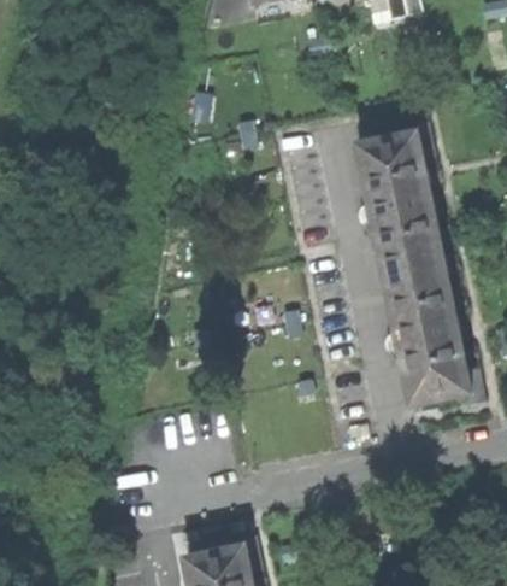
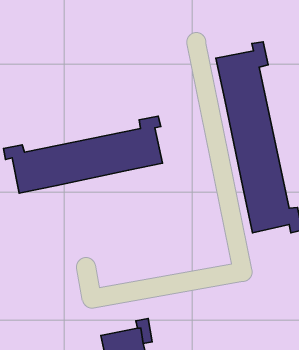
building: none -> [3,116,163,193]

